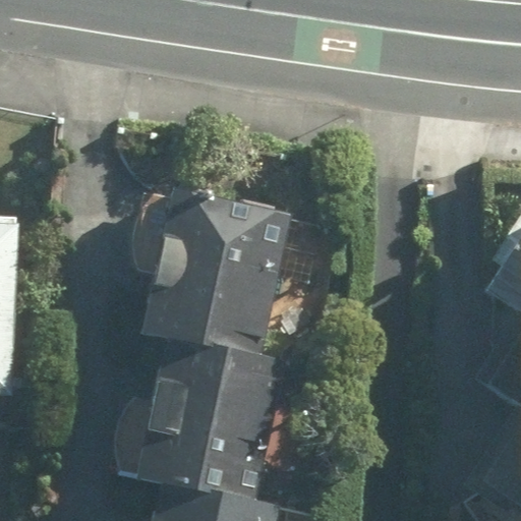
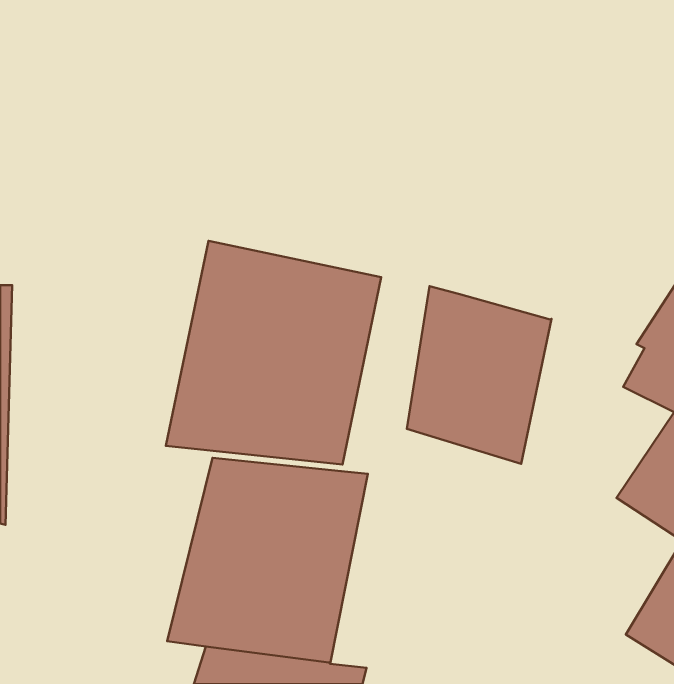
building: none -> [407,286,552,464]

